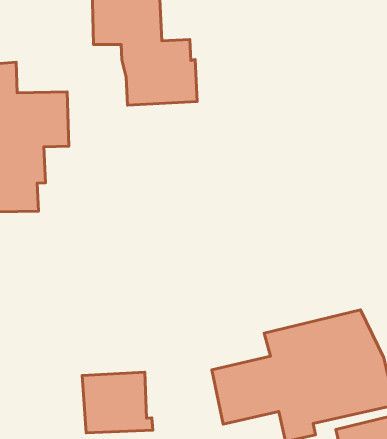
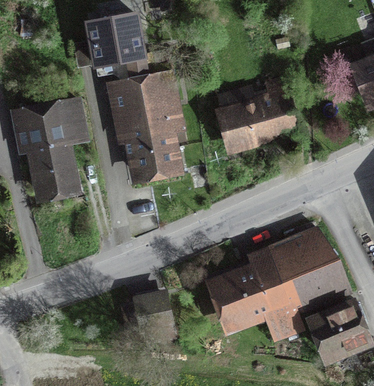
building: none -> [216,76,296,148]
building: none -> [112,95,180,176]

